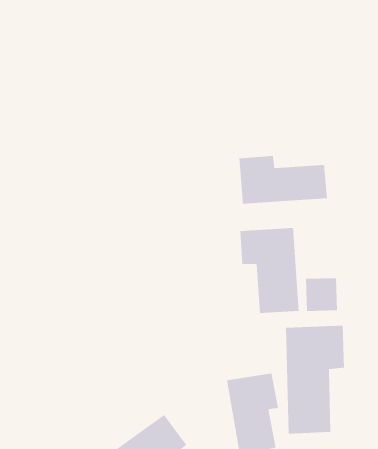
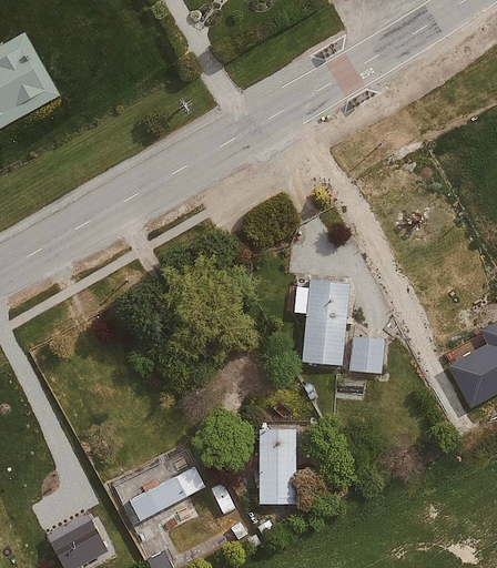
building: [239,155,327,205] -> none
building: [285,325,344,435] -> none

